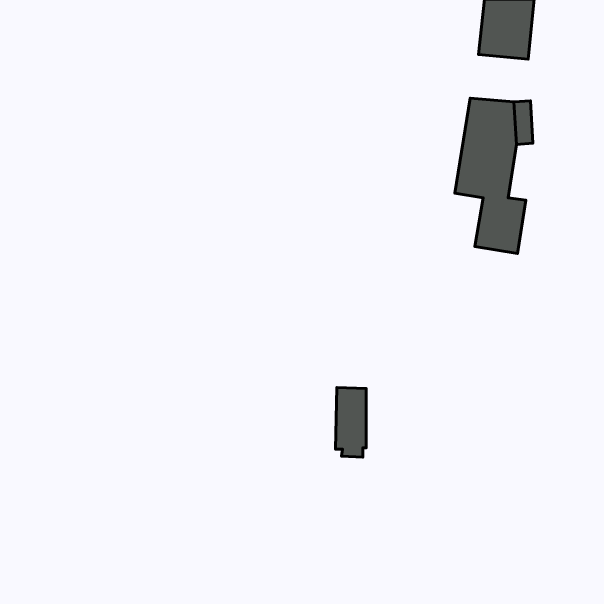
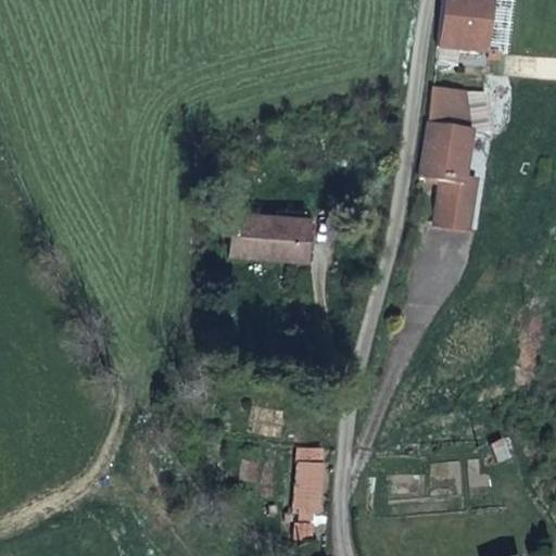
building: none -> [231,205,307,263]
building: [336,387,366,457] -> [295,448,324,513]

